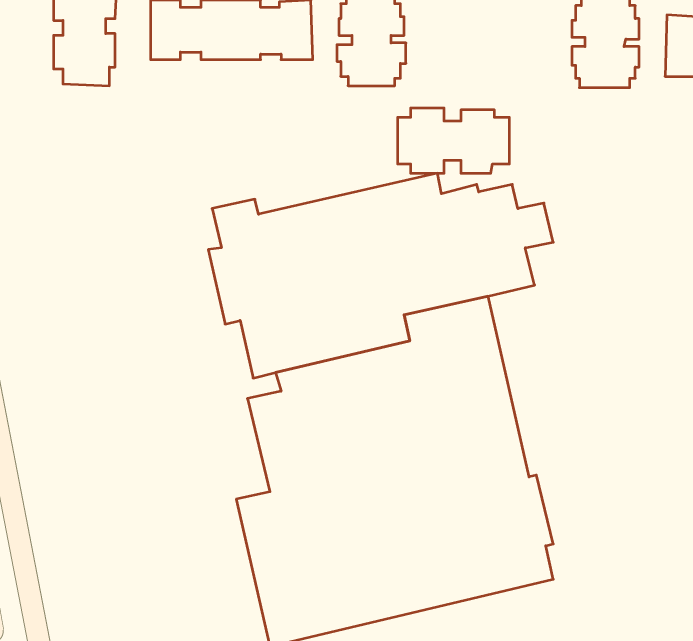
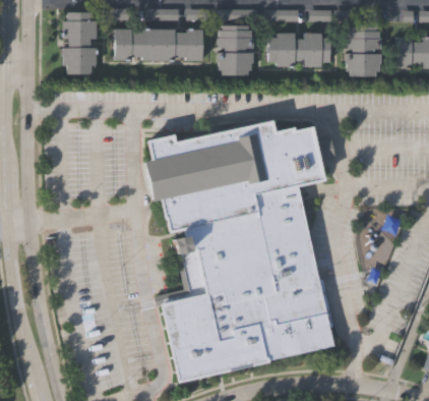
building: [398,108,509,173] -> [267,32,328,67]

